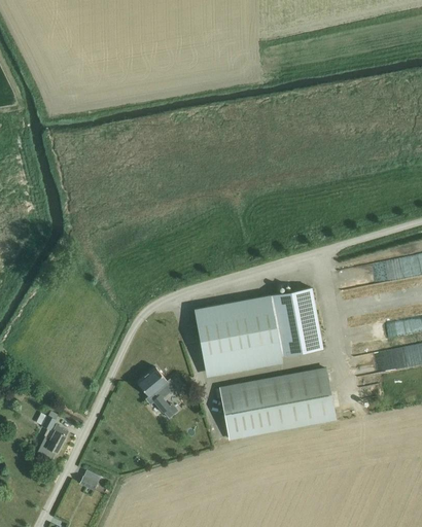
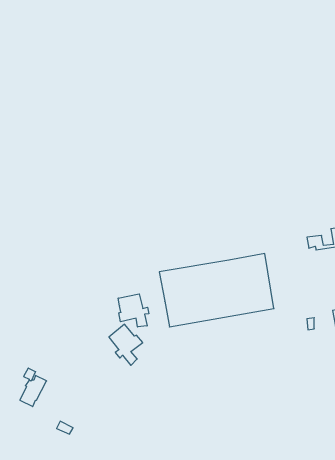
building: none -> [118,294,149,327]
building: [220,370,336,438] -> none

